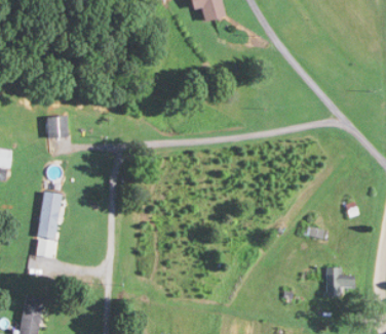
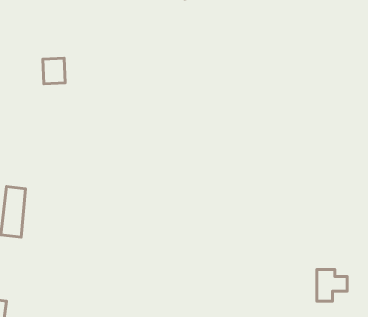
building: [47,116,68,139] -> [43,58,65,84]

